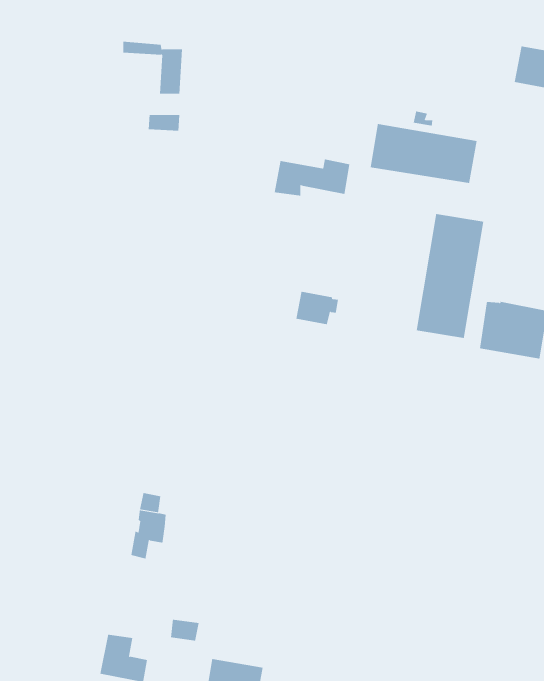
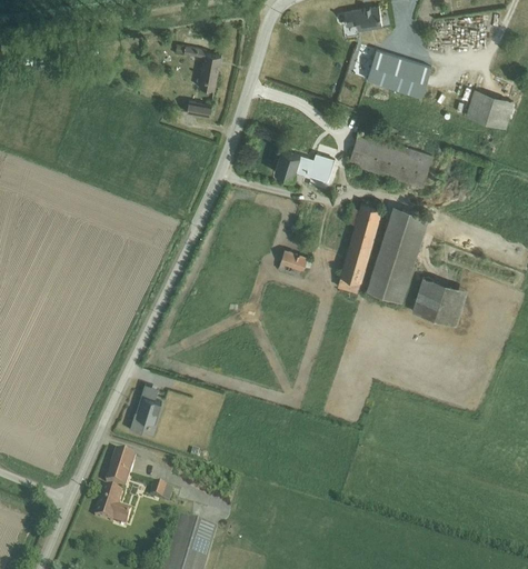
building: none -> [351,47,424,93]
building: none -> [337,206,381,295]
building: none -> [106,452,135,490]

